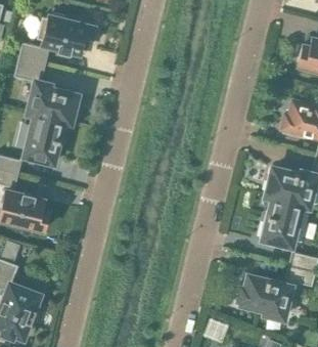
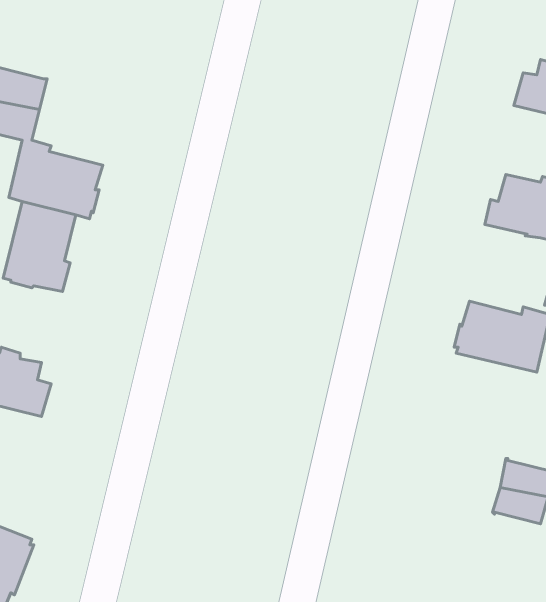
building: [36,13,95,53] -> none
building: [260,196,309,246] -> none
building: [238,275,290,318] -> none

